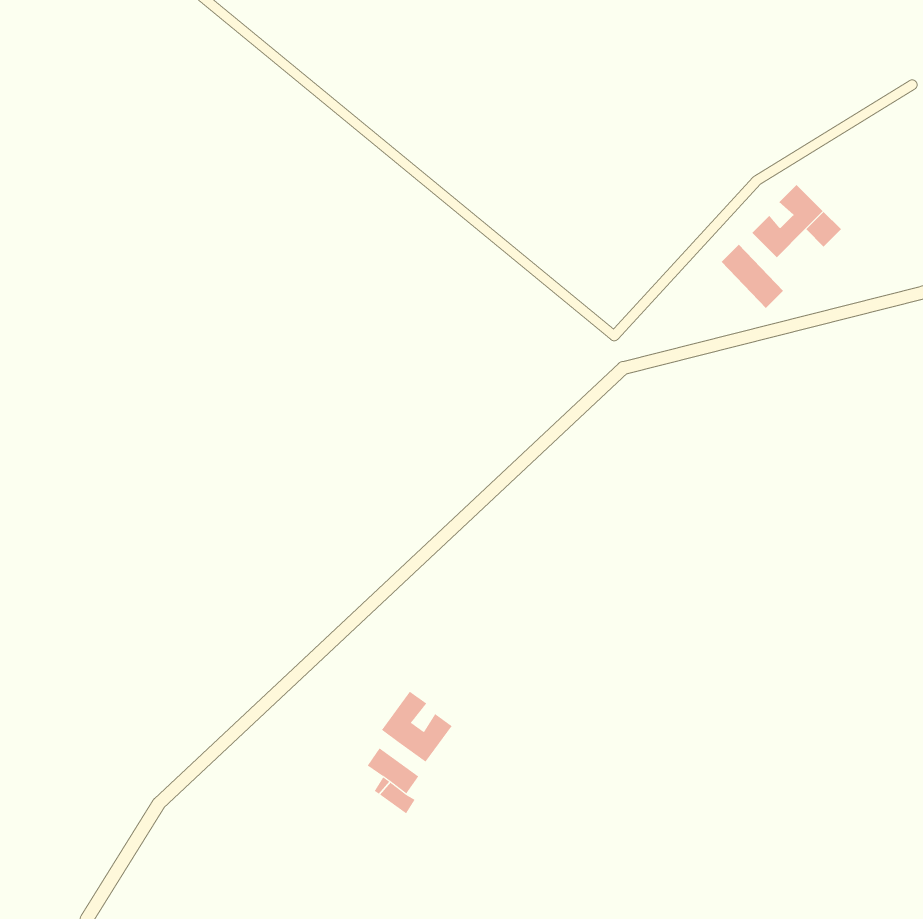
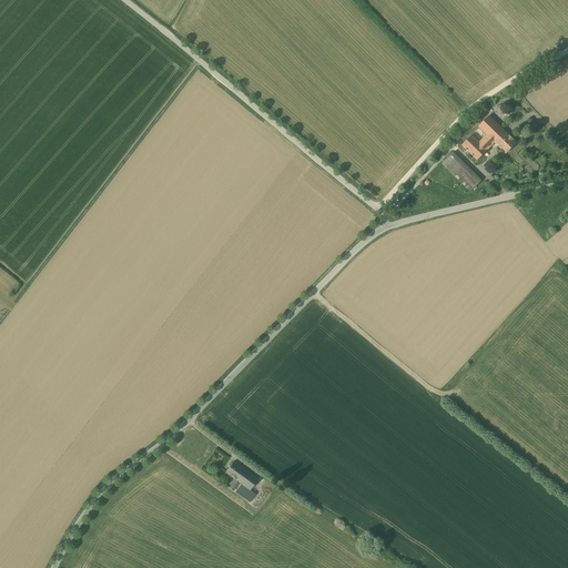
building: [381,691,452,763] -> none

